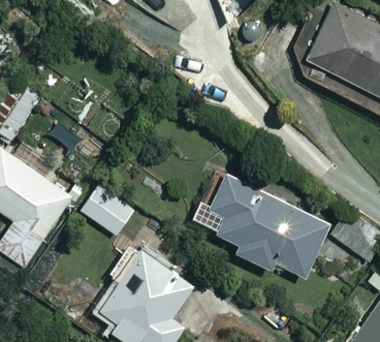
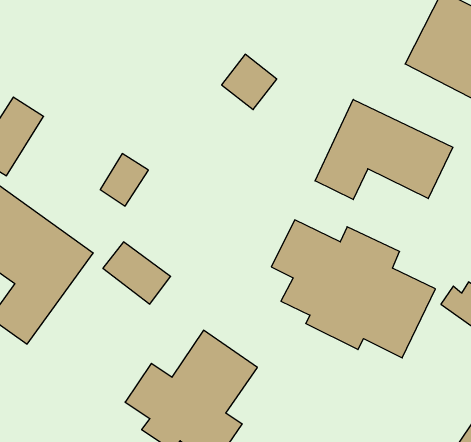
building: none -> [315,99,453,200]

